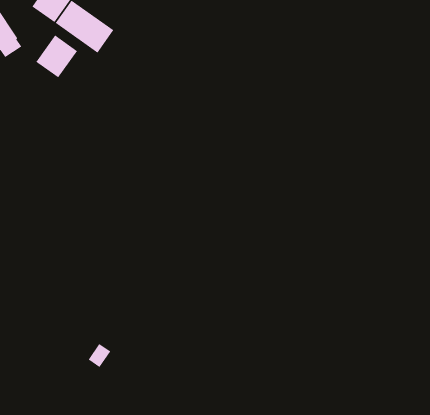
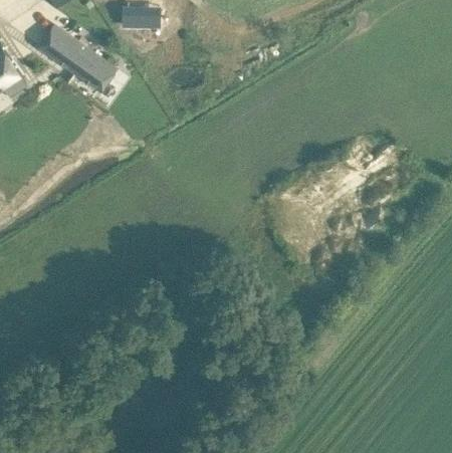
building: [36,35,78,78] -> none

